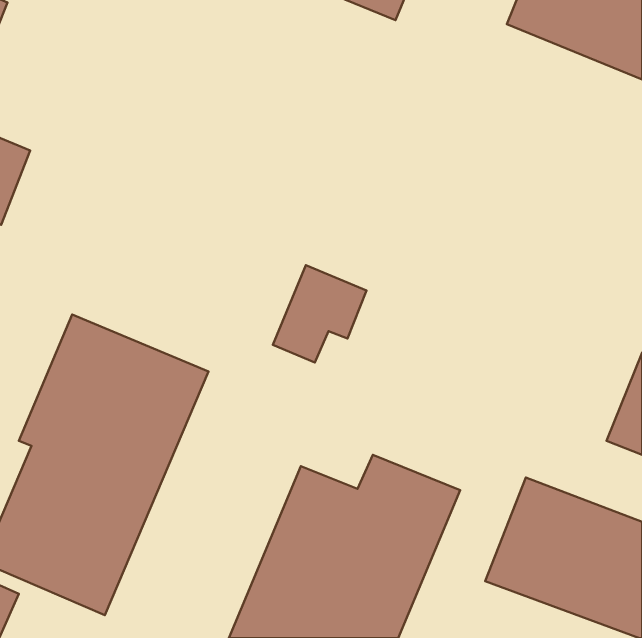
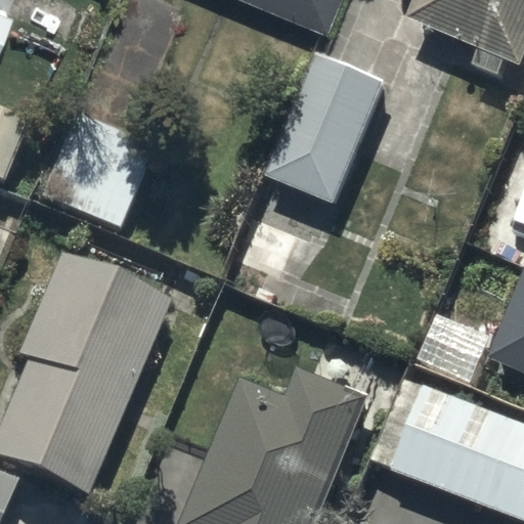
building: none -> [270,53,387,203]
building: none -> [38,116,149,228]

